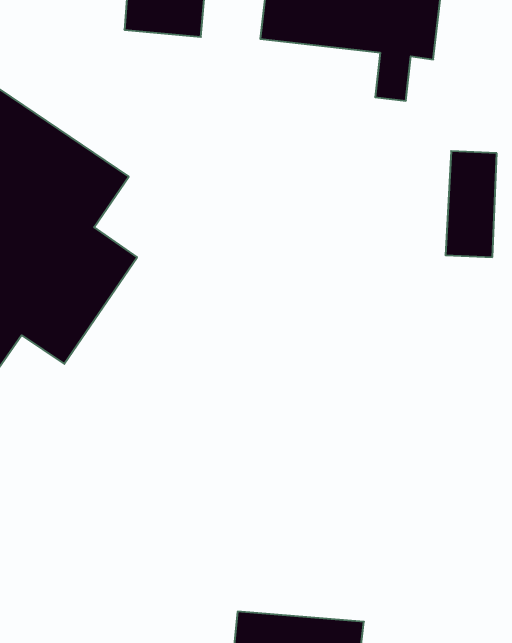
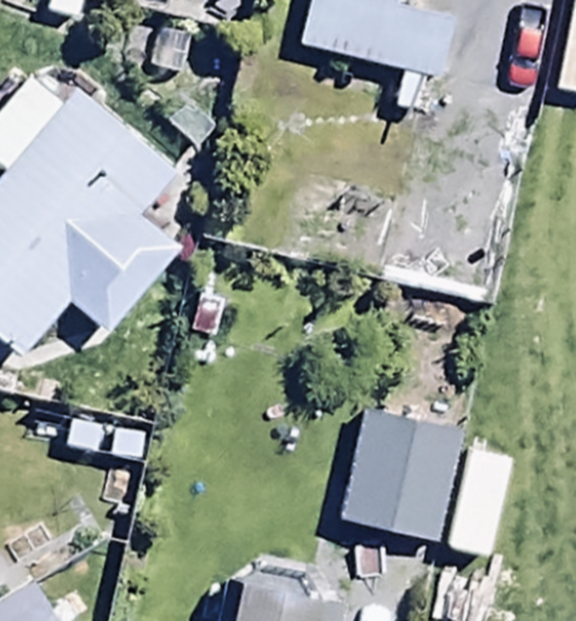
building: none -> [338,403,472,543]

